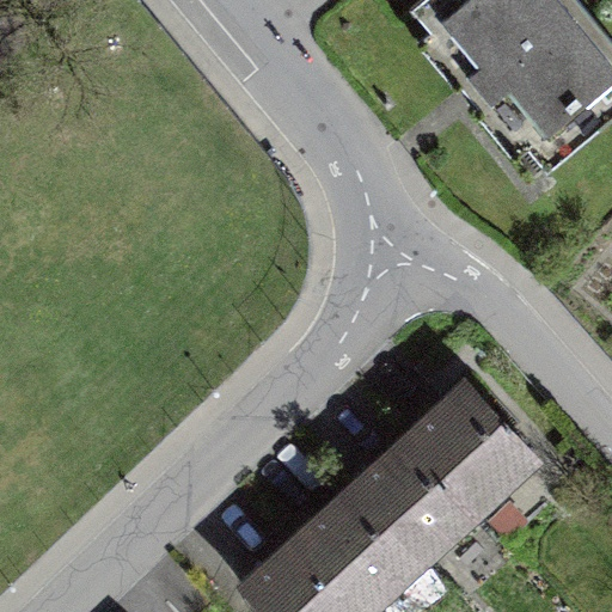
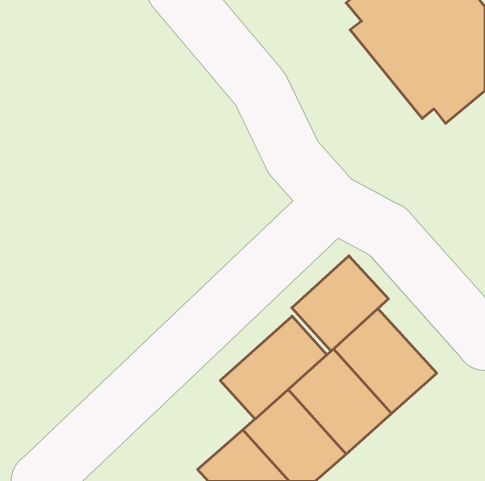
building: none -> [292,256,388,351]
building: none -> [220,316,327,419]

